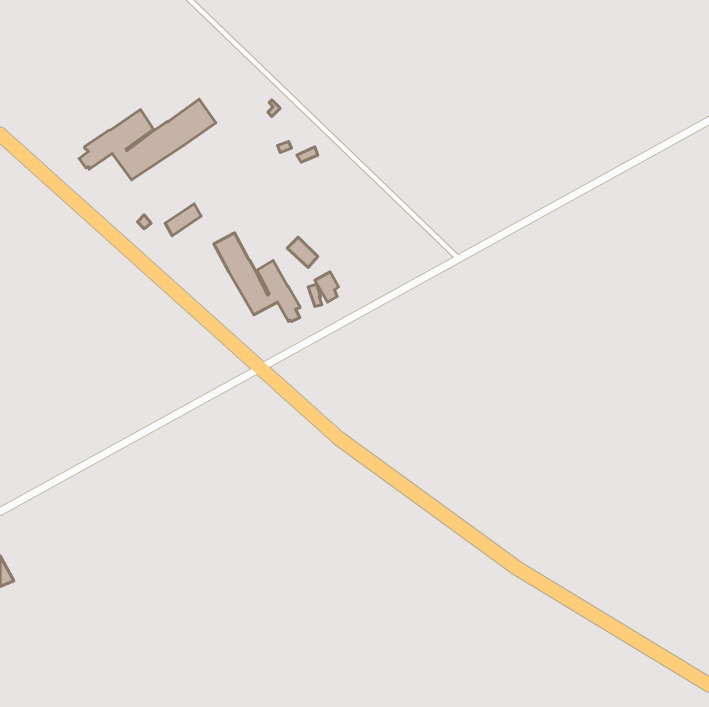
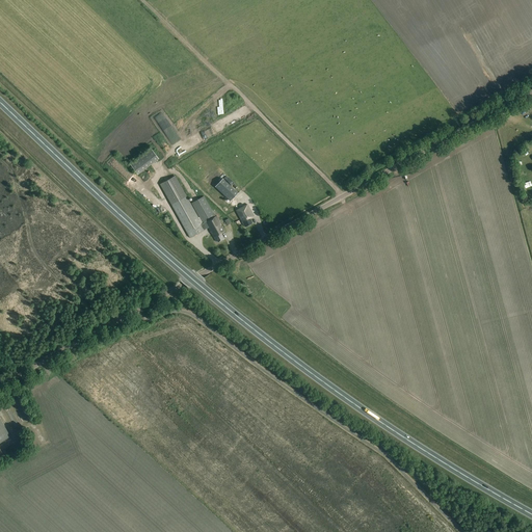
building: [79,99,216,180] -> none

